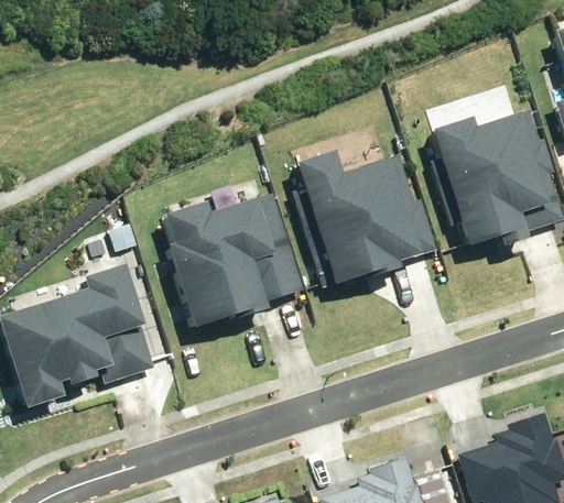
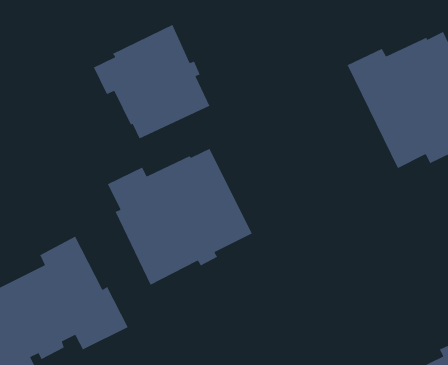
building: none -> [93,24,211,140]
building: [299,150,445,282] -> none

